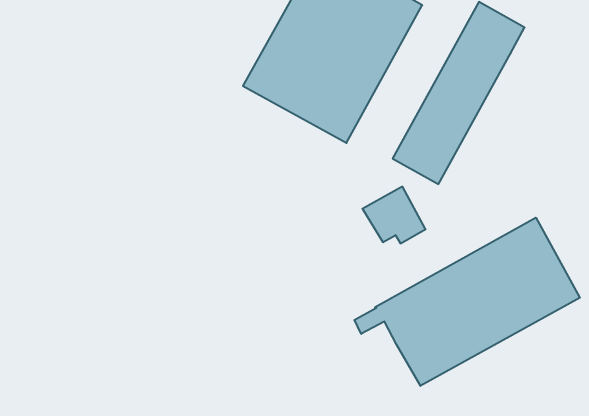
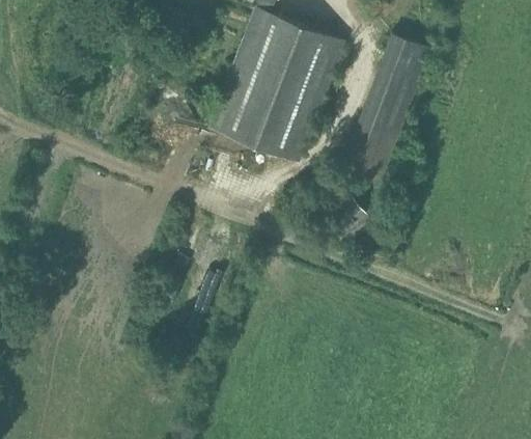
building: [354,218,580,386] -> none

